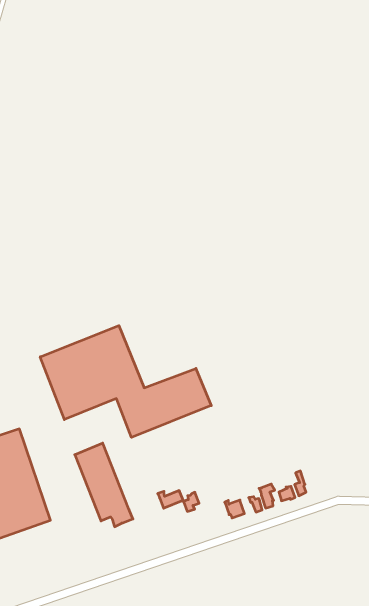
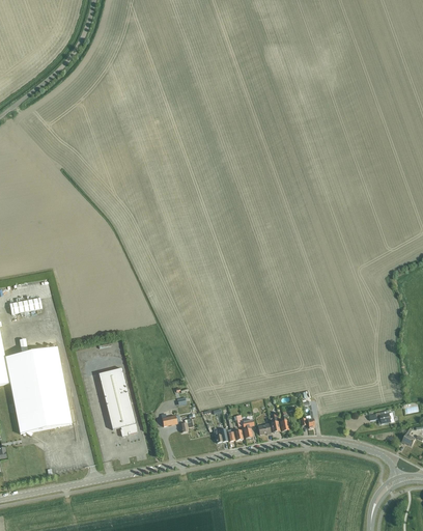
building: [40,326,211,437] -> none

